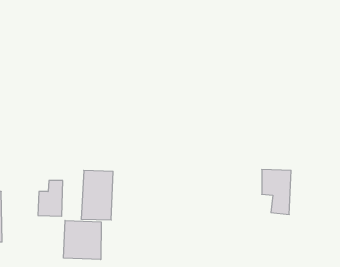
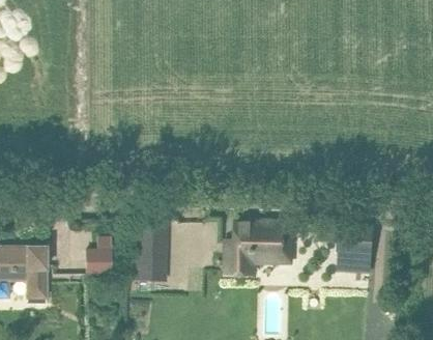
building: none -> [227,223,290,273]
building: [64,220,101,260] -> none

